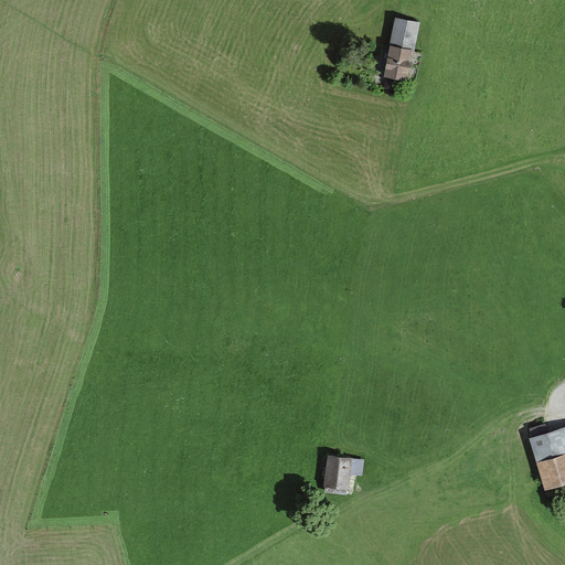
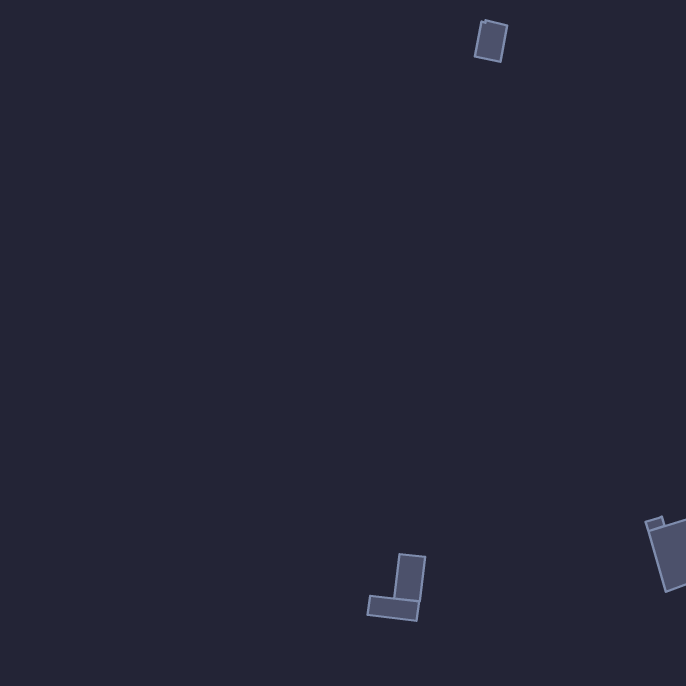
building: [384,47,412,79] -> none
building: none -> [367,596,419,621]

